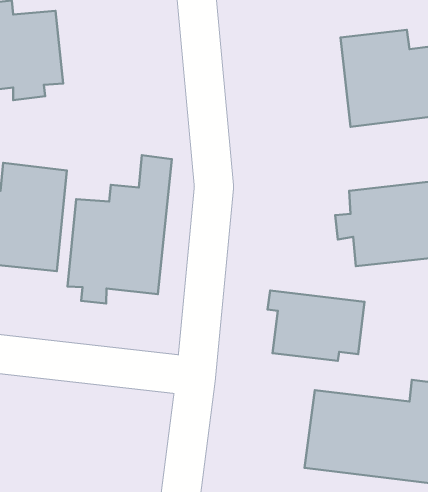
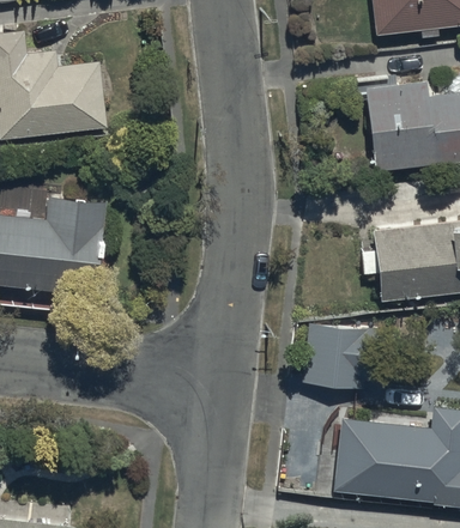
building: [67,155,172,304] -> none

